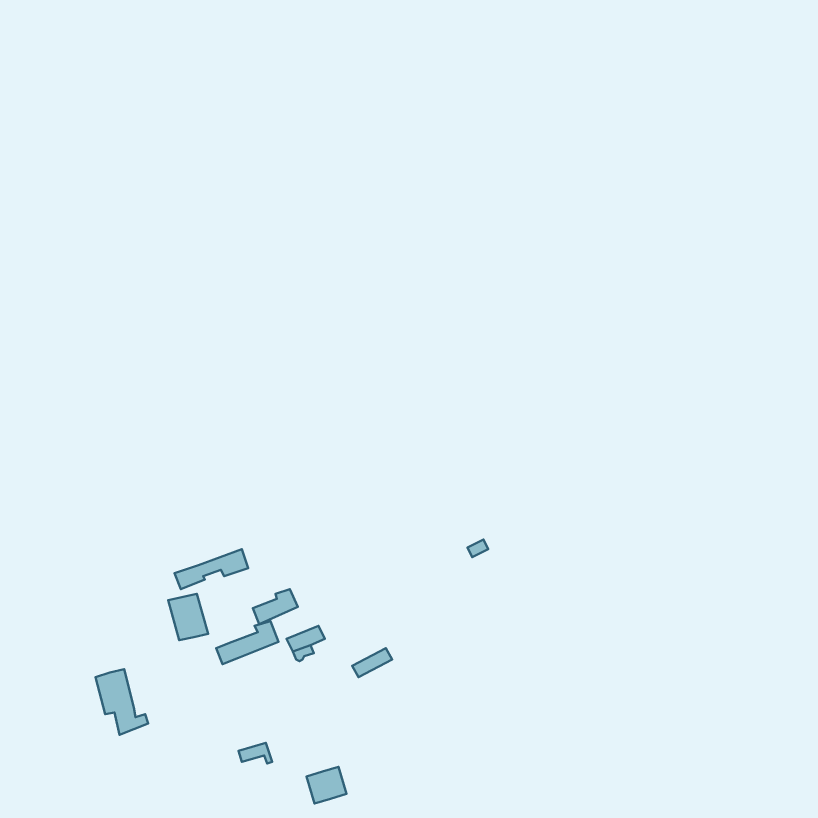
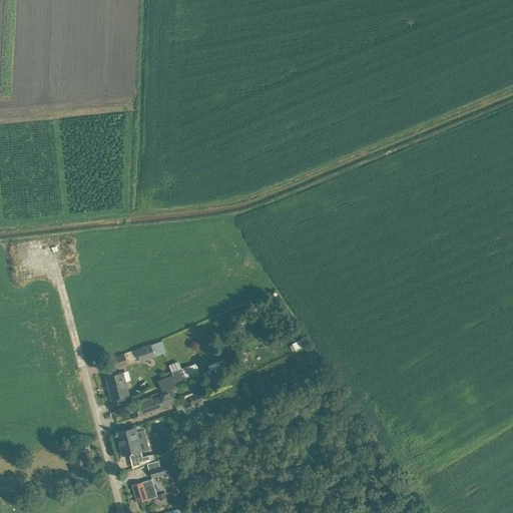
building: [95,669,148,735] -> [117,427,150,468]
building: [307,767,347,804] -> [132,479,157,502]

